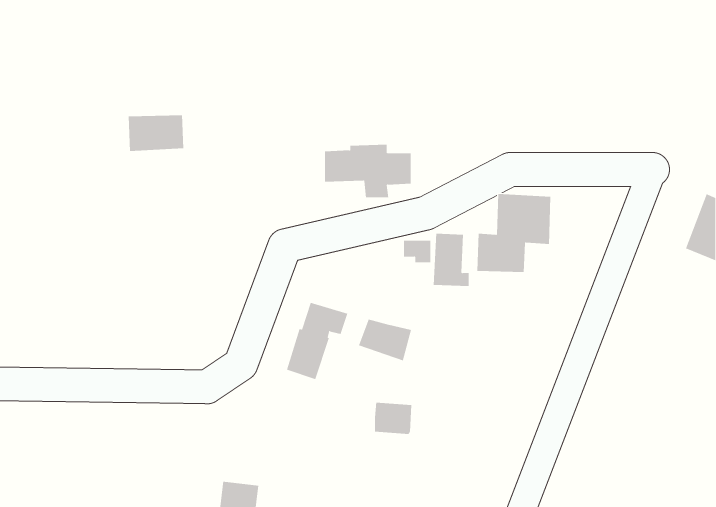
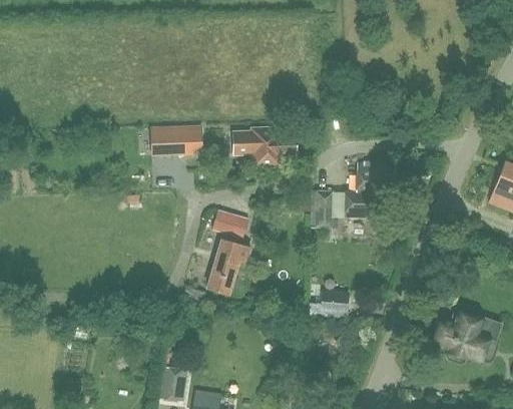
building: [128,115,184,151] -> [160,128,200,154]
building: [358,319,412,361] -> [209,209,247,239]
building: [374,402,412,434] -> [320,292,347,315]
building: none -> [431,312,500,363]

